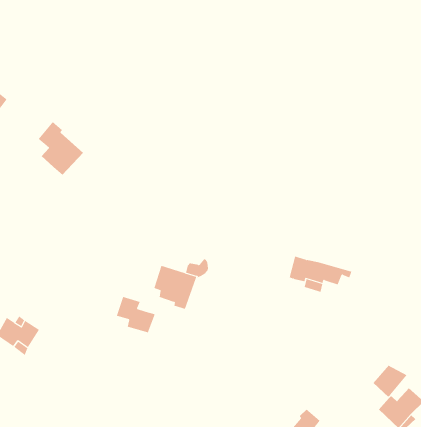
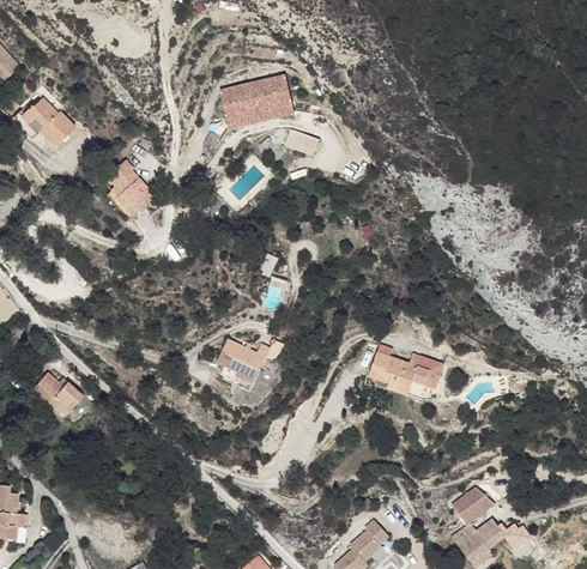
building: none -> [223,69,301,127]
building: none -> [285,126,320,153]
building: [116,296,155,333] -> none

